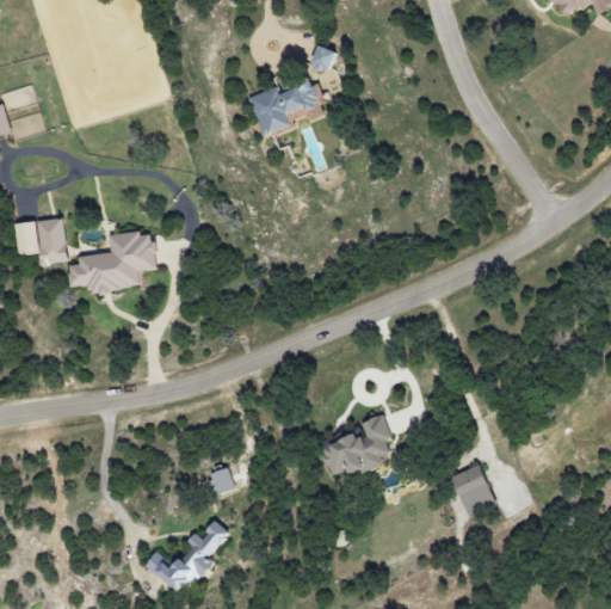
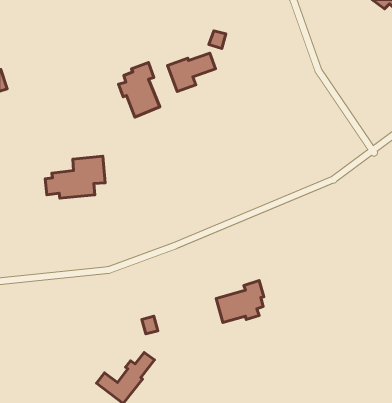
building: none -> [119,63,160,117]
building: [14,219,68,265] -> none
building: [451,465,494,513] -> none

